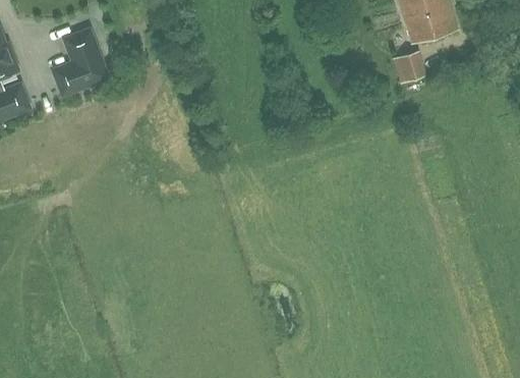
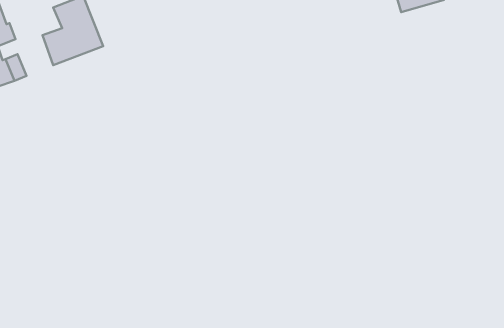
building: [394,52,426,83] -> none

